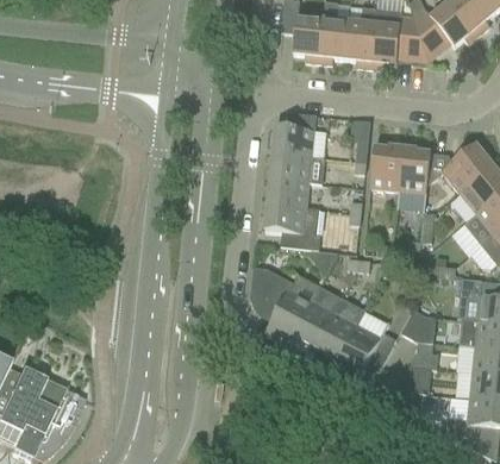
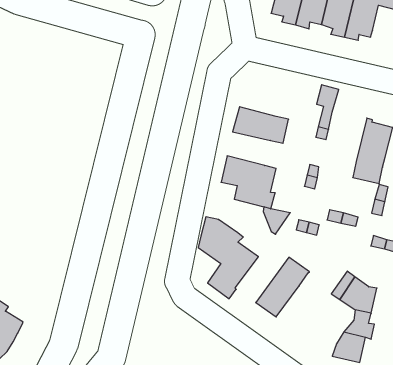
building: [273,124,314,155] -> none
building: [370,144,402,189] -> none
building: [267,176,308,206] -> none
building: [293,283,343,345] -> none
building: [332,322,395,381] -> none

